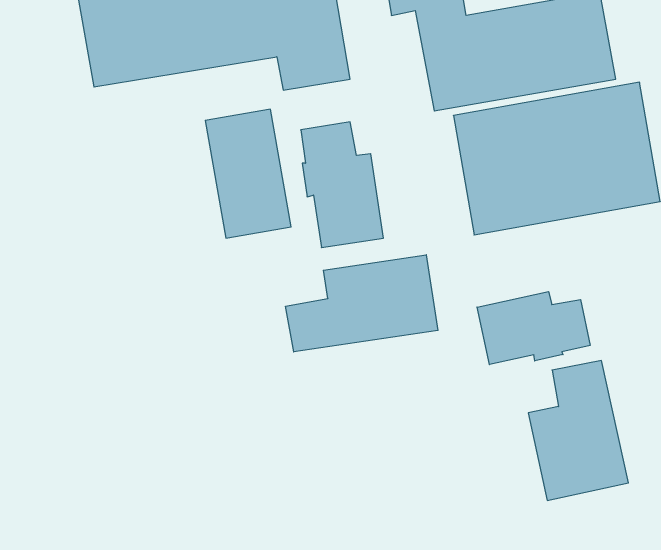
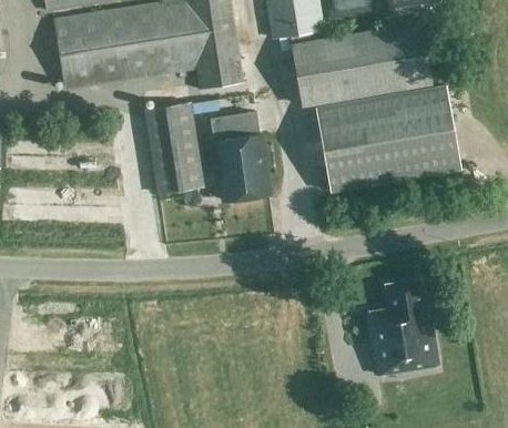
building: [286,255,438,352] -> none
building: [477,292,590,365] -> none

